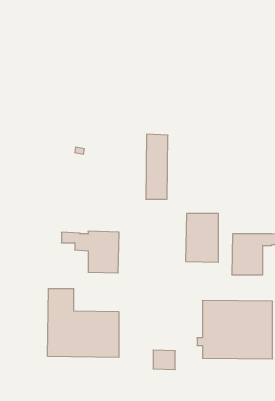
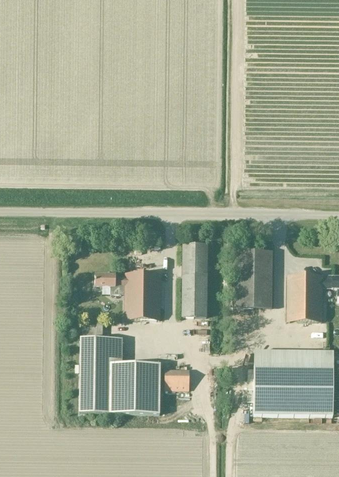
building: [146,134,168,199] -> [182,242,207,315]
building: [153,350,175,370] -> [164,367,189,389]

